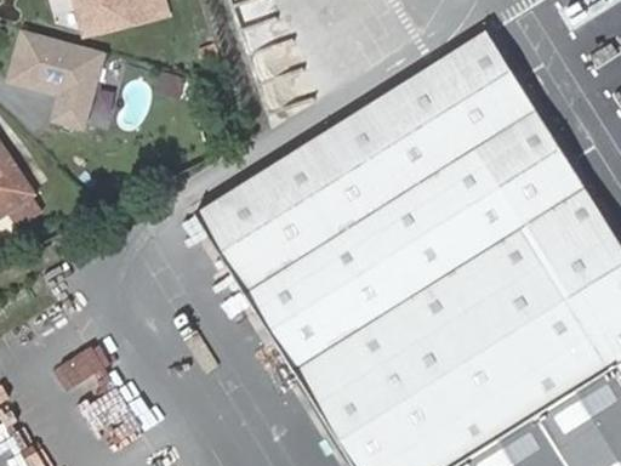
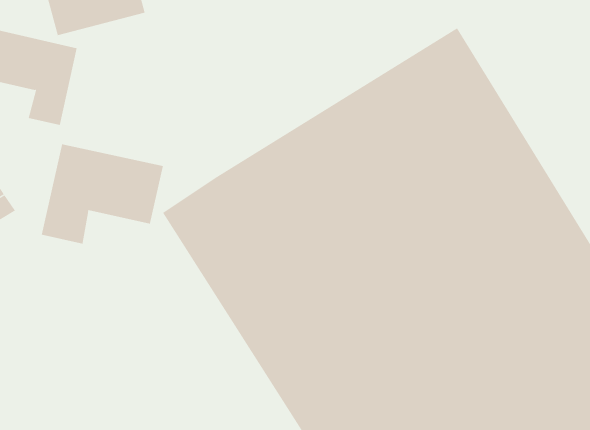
building: none -> [41,143,164,245]

